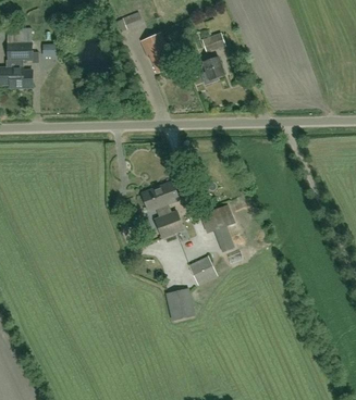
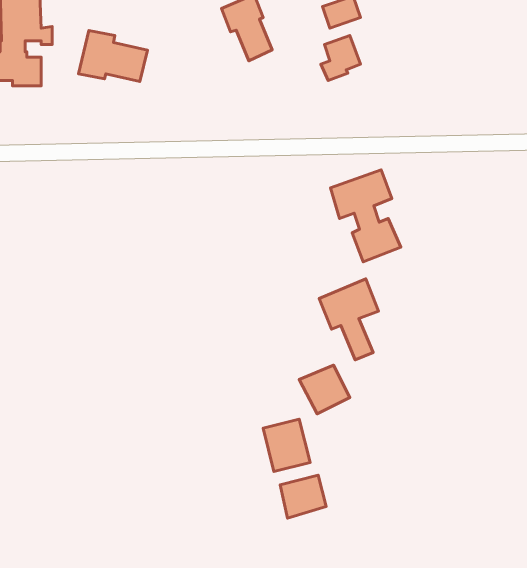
building: none -> [79,31,148,81]
building: [142,182,184,237] -> [331,170,401,262]
building: none -> [280,475,326,518]

